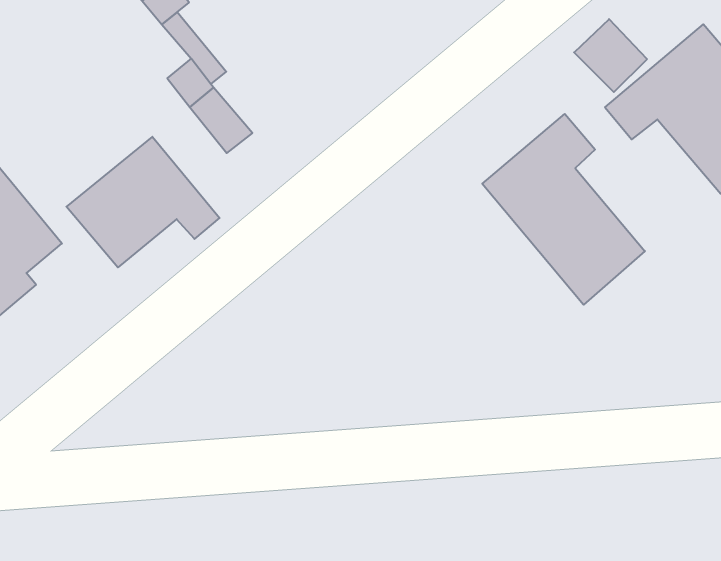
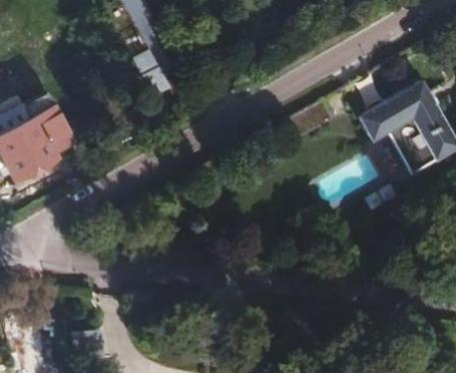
building: [482,114,645,305] -> none
building: [66,137,220,267] -> none

